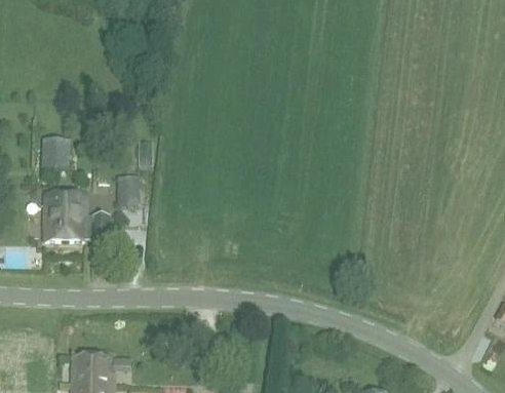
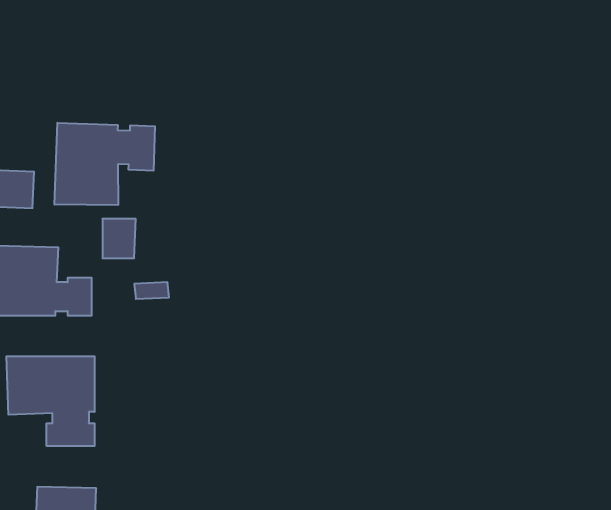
building: none -> [55,123,155,205]
building: none -> [6,356,95,446]

